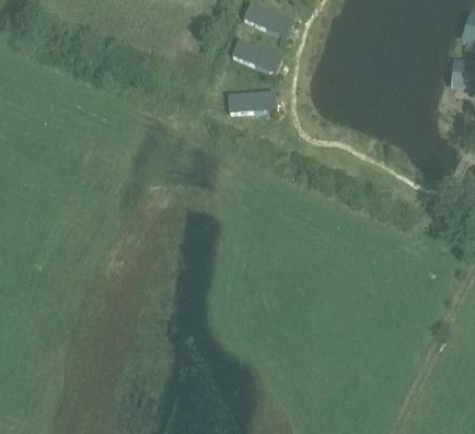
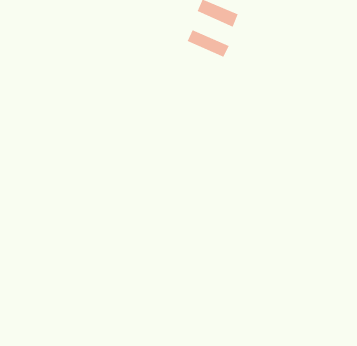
building: [229,91,276,112] -> none

